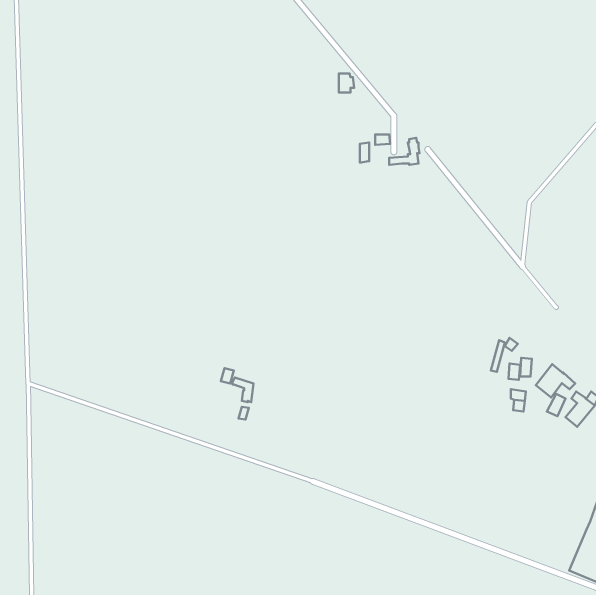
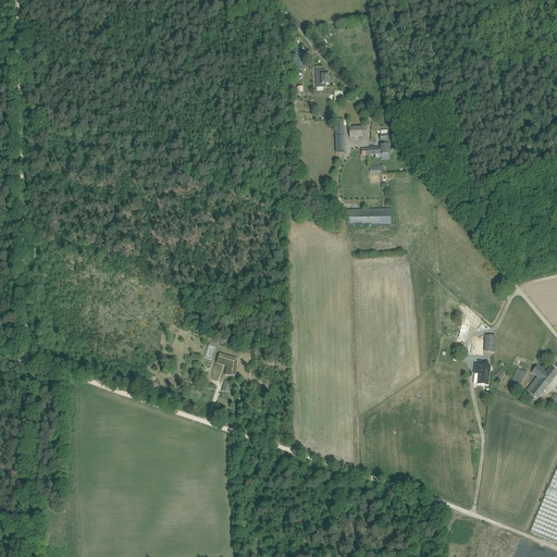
building: none -> [348,208,392,225]
building: [536,364,575,397] -> none

